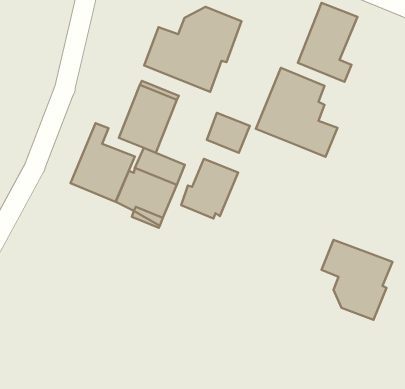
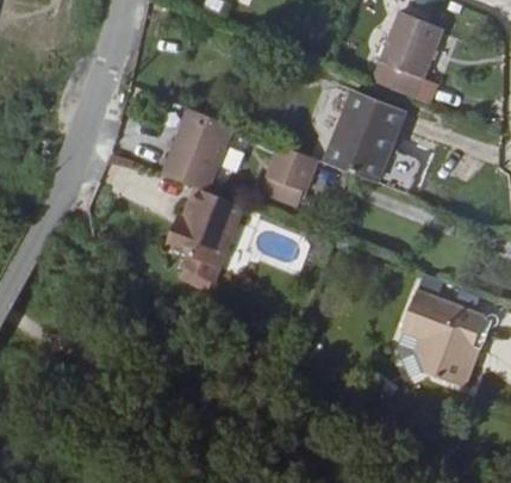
building: [144,7,242,92] -> none
building: [70,123,135,202] -> none
building: [181,159,238,218] -> none

